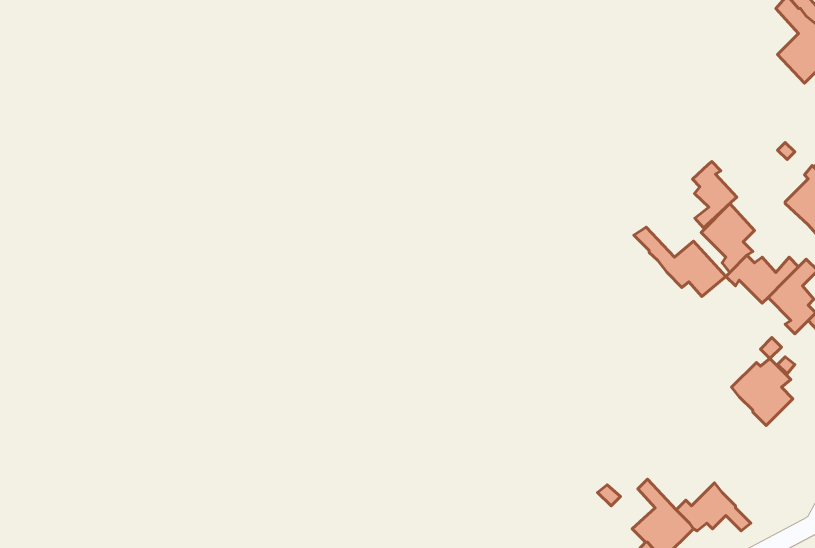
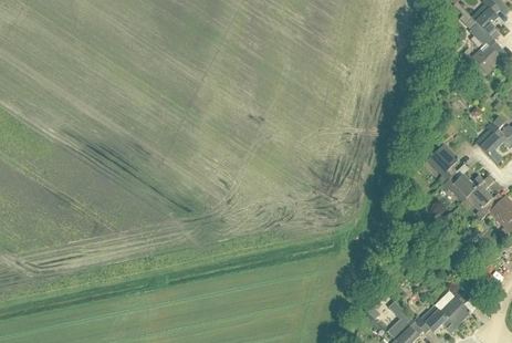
building: [693,161,737,228] -> none
building: [634,227,726,297] -> none
building: [732,359,793,426] -> [435,288,470,326]

